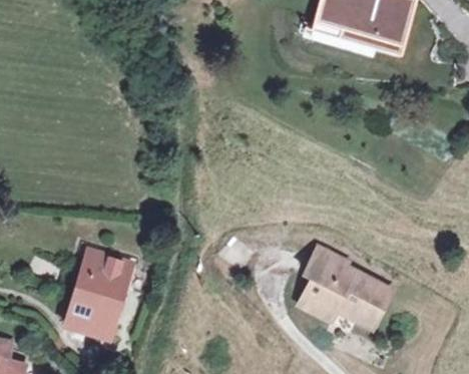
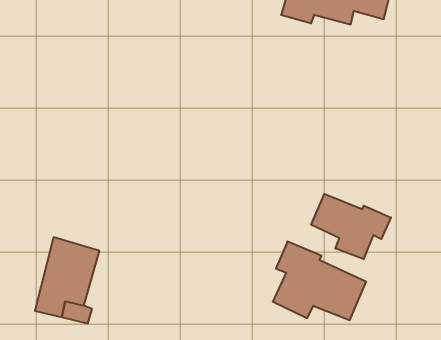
building: none -> [311,194,391,259]

